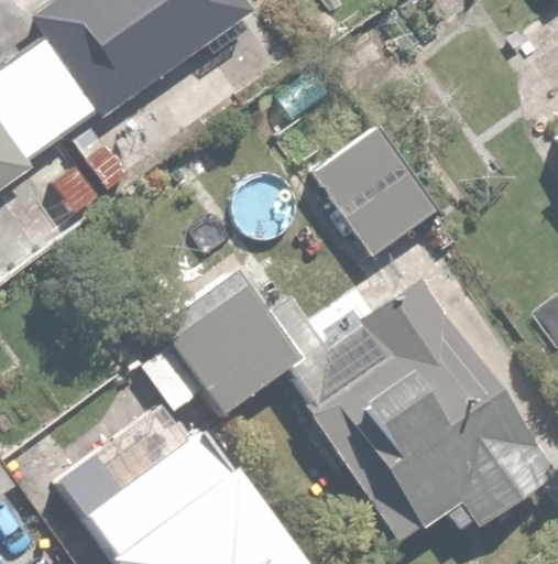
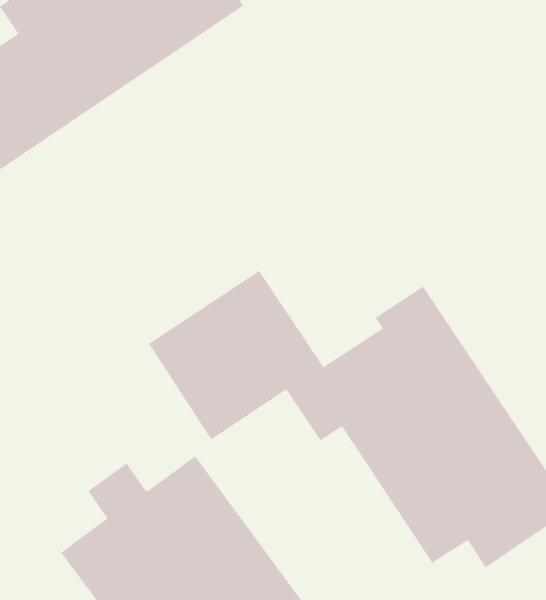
building: [310,126,437,256] -> none

